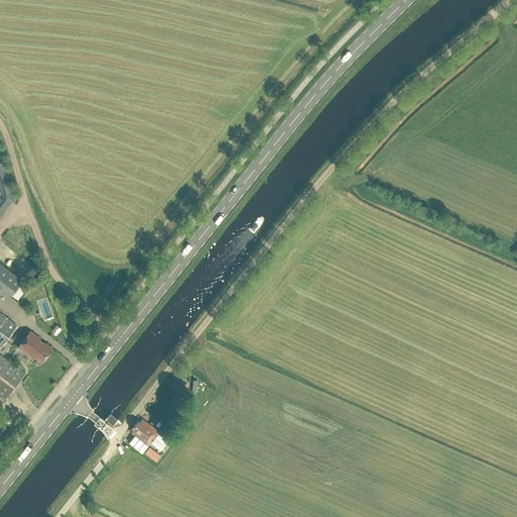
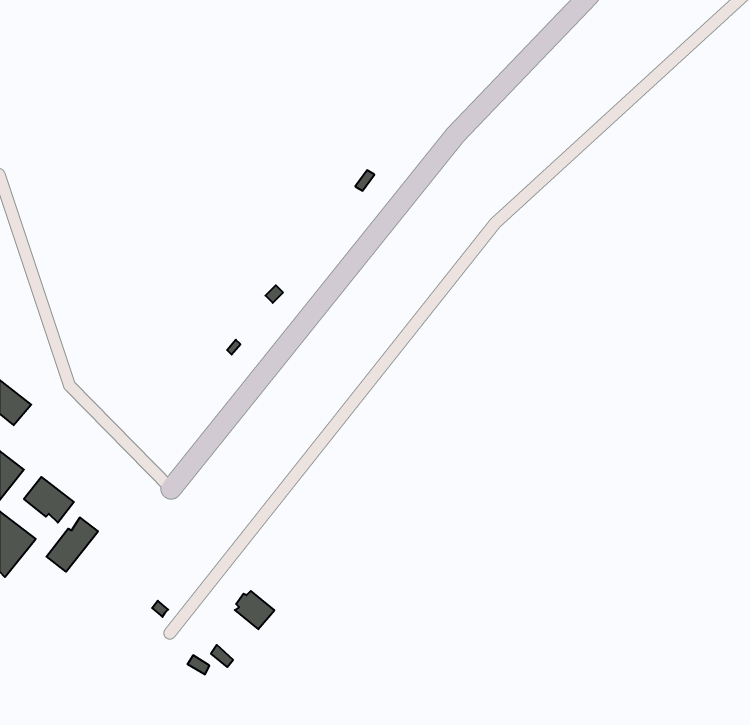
building: none -> [46,517,98,572]
building: [131,419,159,445] -> [235,591,274,629]

